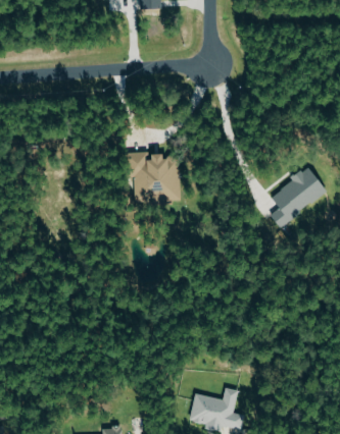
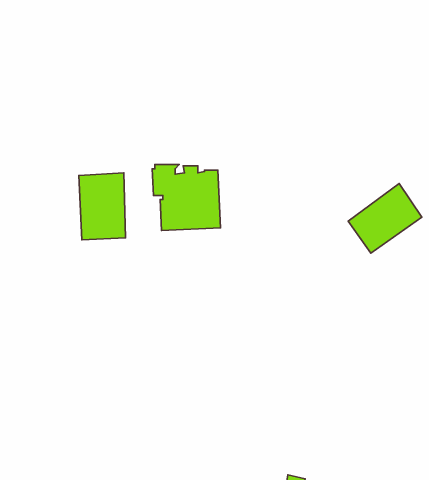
building: none -> [79,173,125,240]

